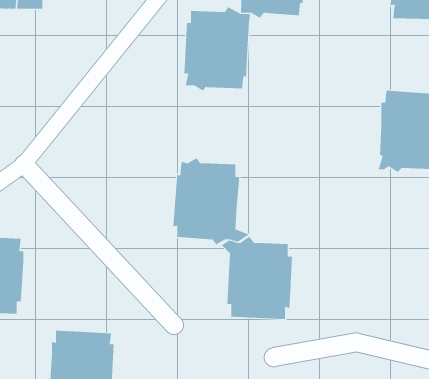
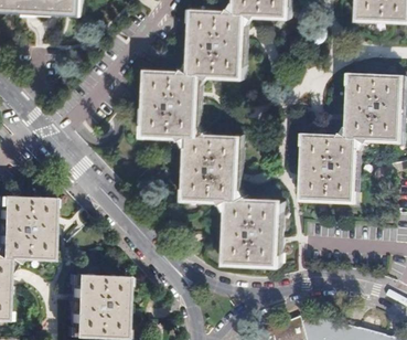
building: none -> [139,70,193,139]
building: none -> [300,140,353,204]

